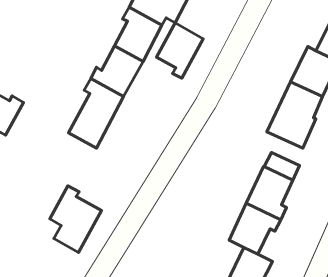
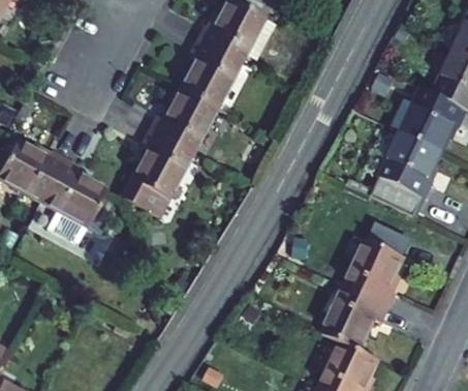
building: [156,23,203,78] -> none
building: [50,186,101,252] -> [42,158,107,242]

